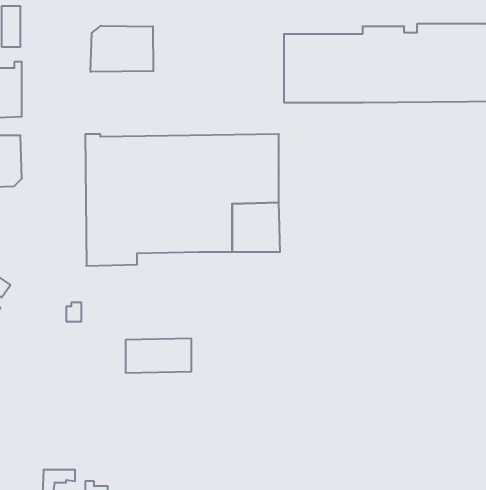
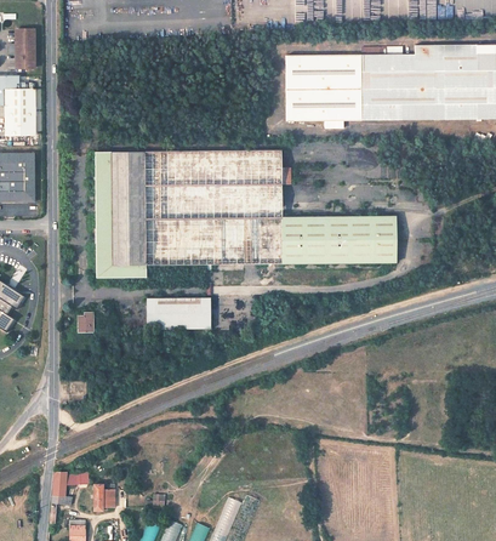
building: [91,26,153,72] -> none
building: none -> [281,217,395,264]
building: [126,339,191,373] -> [147,297,210,330]

